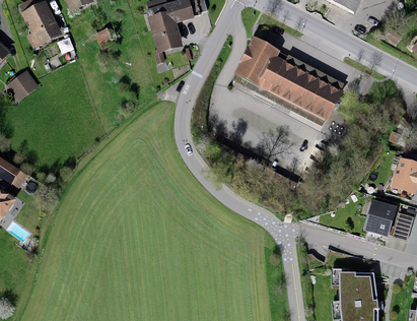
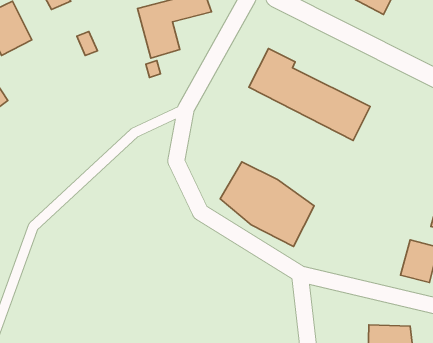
building: none -> [220,162,314,247]

